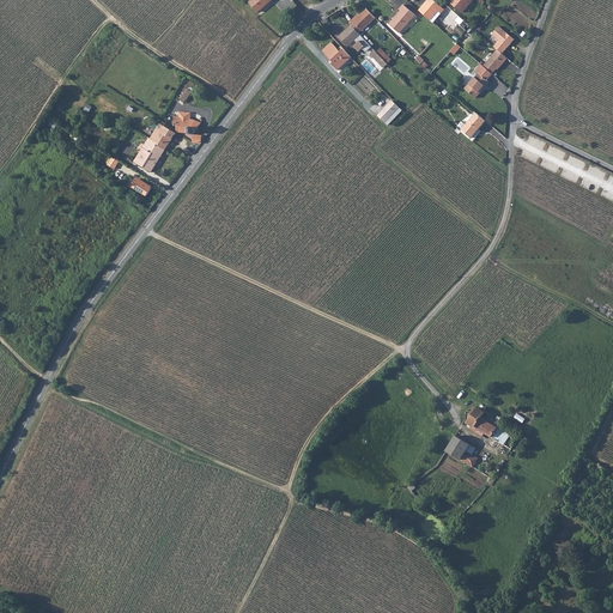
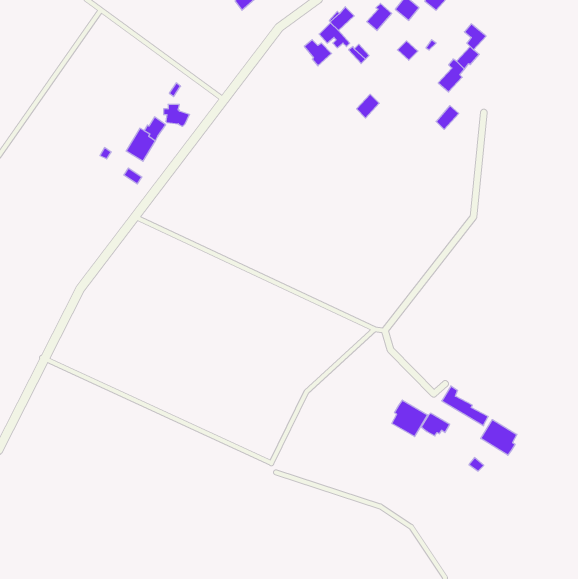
building: none -> [392,400,427,437]
building: none -> [481,420,517,455]

